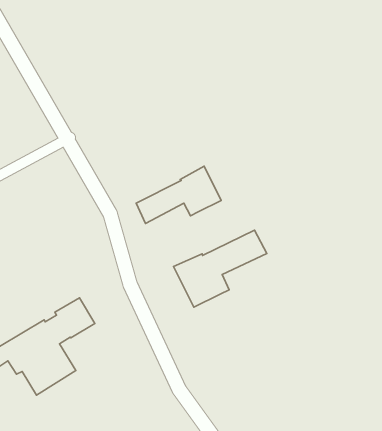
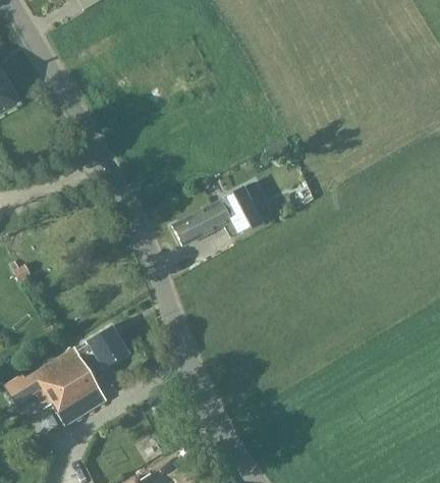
building: [174,230,267,307] -> none

